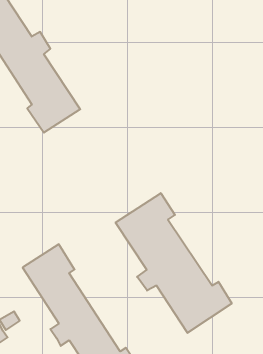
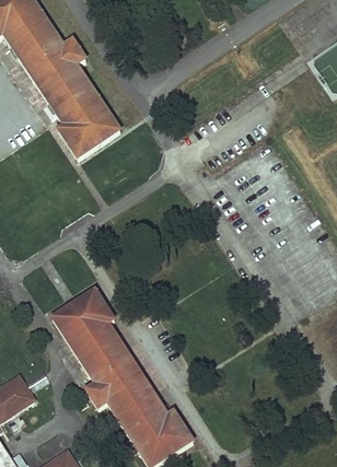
building: [116,193,232,333] -> none

